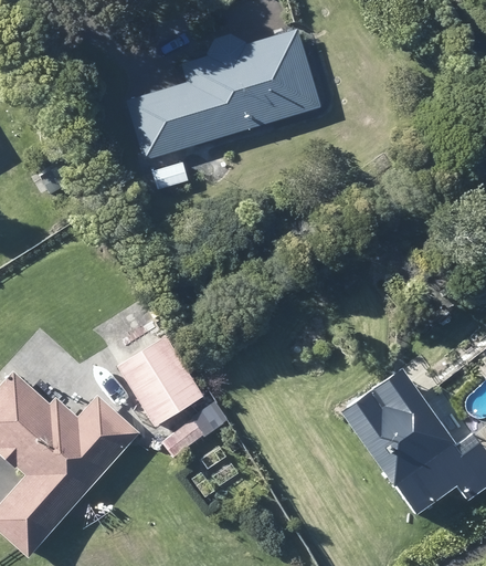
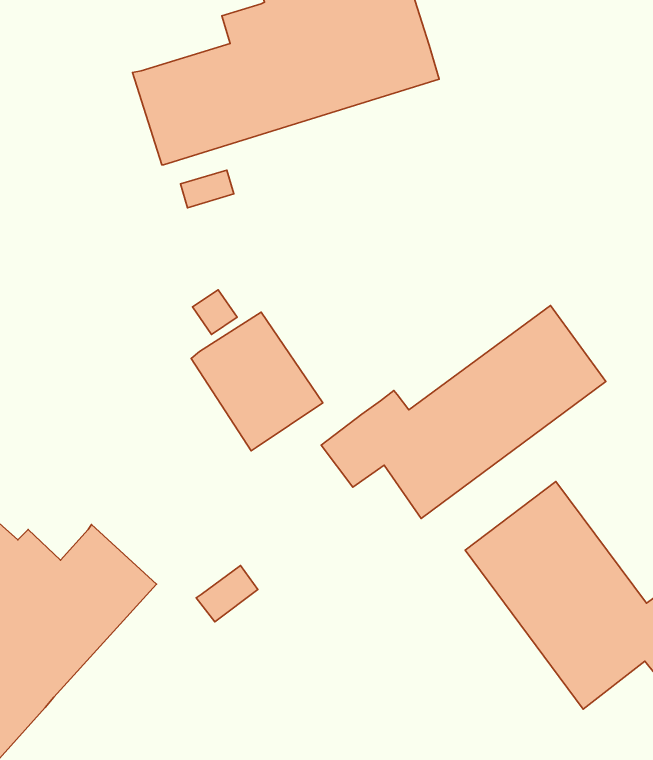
building: none -> [321,305,606,518]
building: [117,336,202,426] -> [191,312,323,451]

